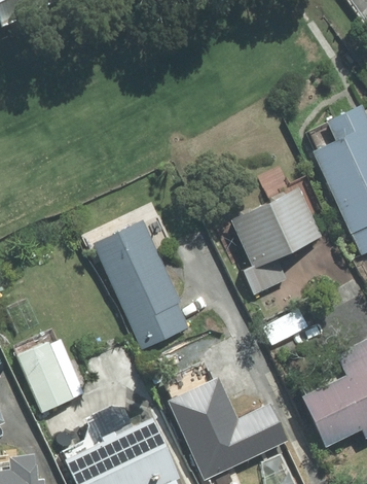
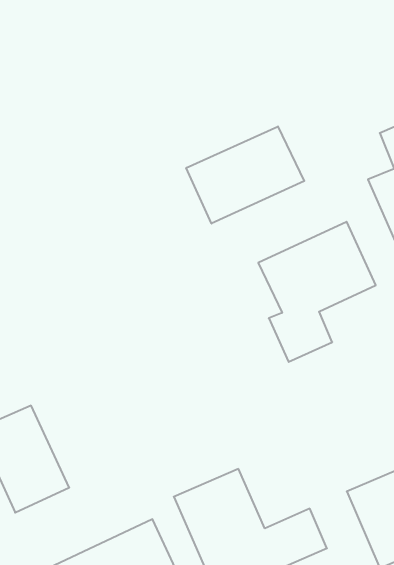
building: none -> [186,126,304,224]
building: [96,227,188,349] -> none

